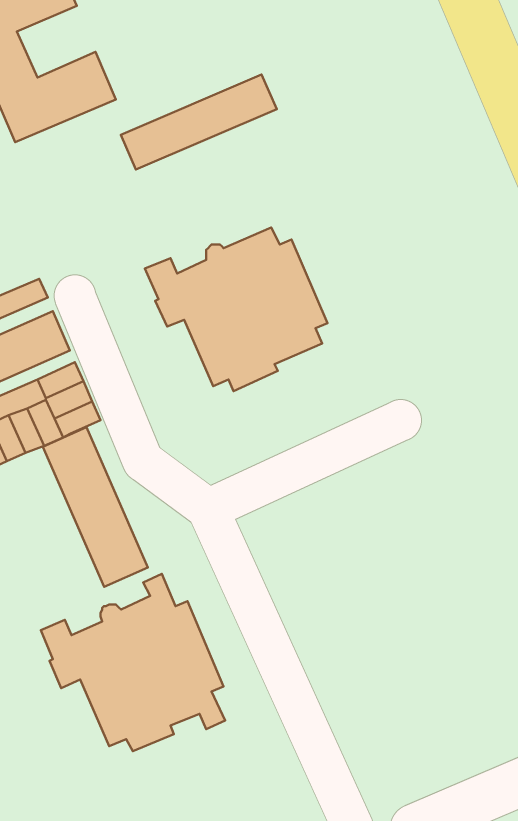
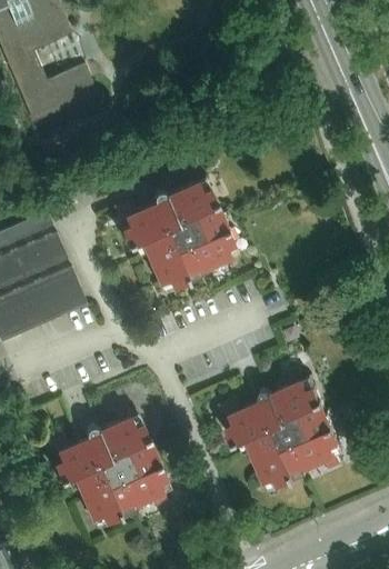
building: [121,74,277,169] -> none
building: [43,427,148,587] -> none
building: none -> [221,370,341,487]

